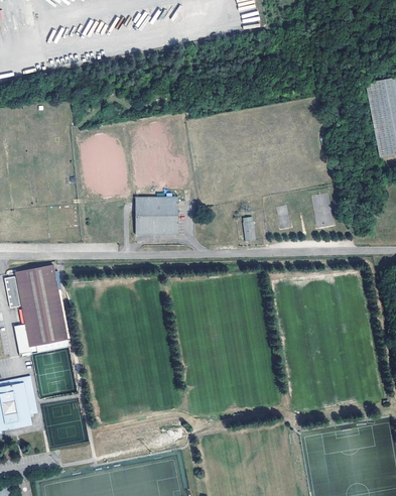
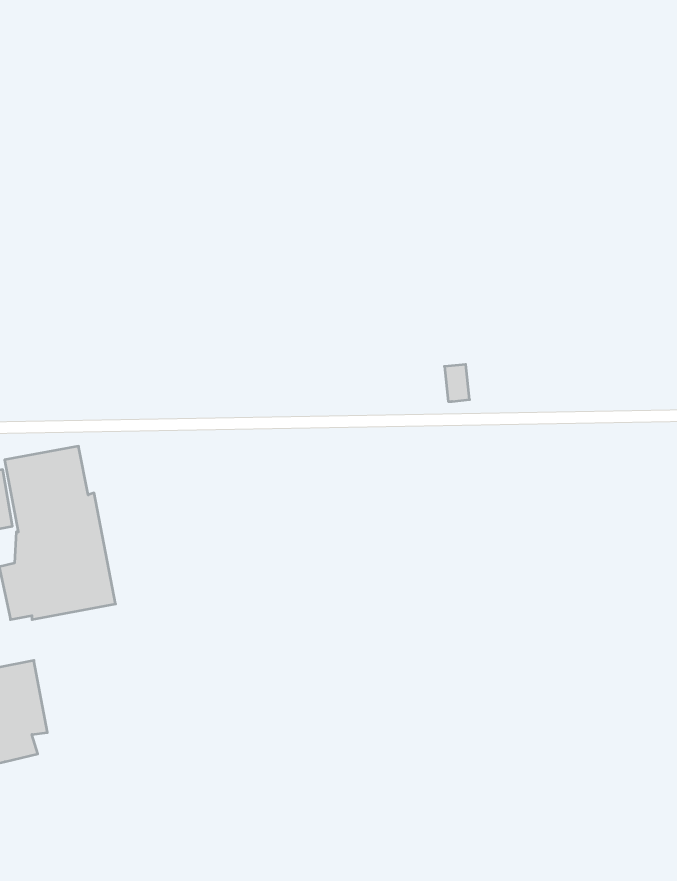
building: [135,197,178,236] -> none

